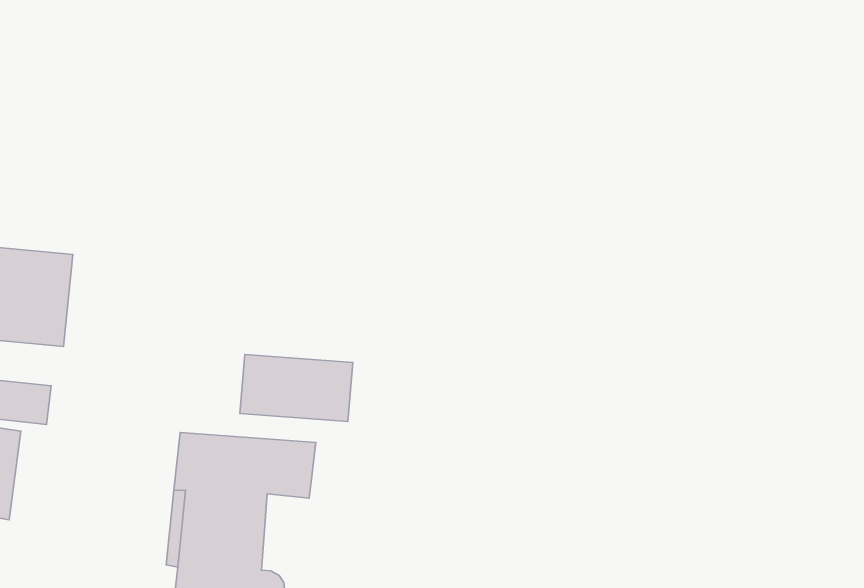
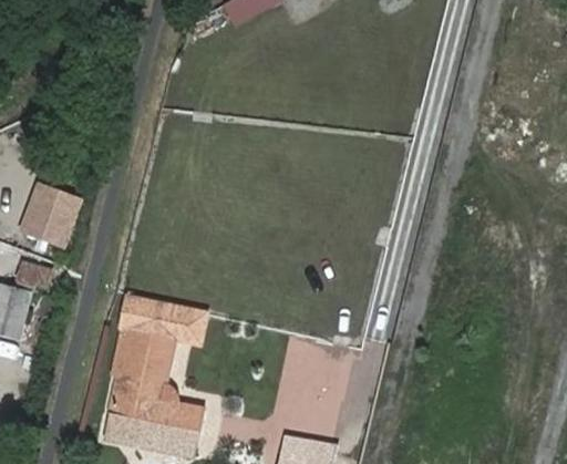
building: [240,355,353,421] -> none

